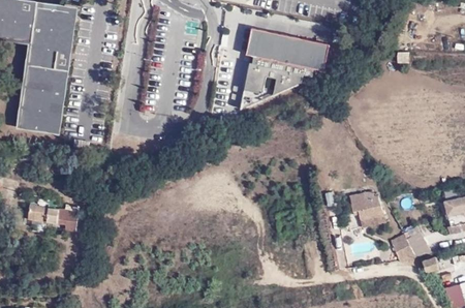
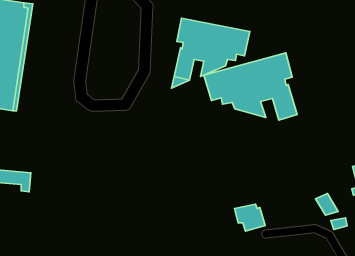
building: none -> [204,53,297,120]
building: [347,196,382,227] -> [235,204,265,231]
building: [386,233,413,263] -> none

